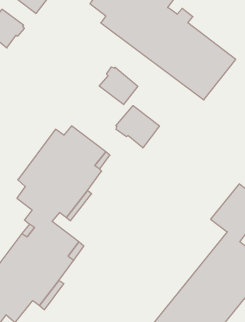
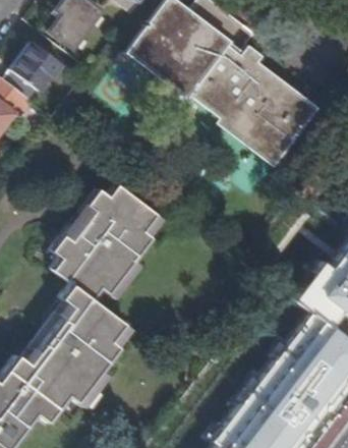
building: [99,67,138,105] -> none
building: [116,106,159,148] -> none

